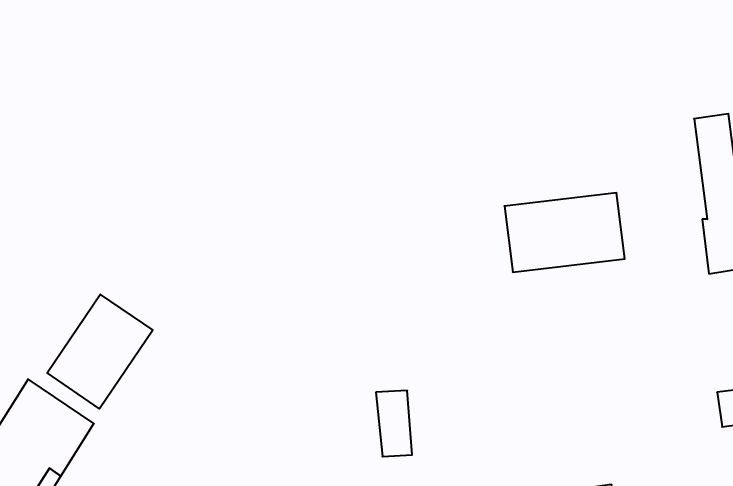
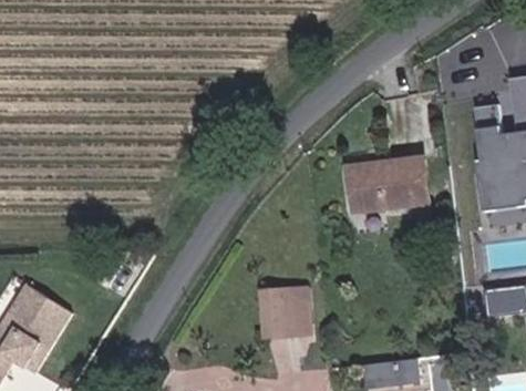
building: [47,294,153,409] -> none
building: none -> [281,290,308,336]

